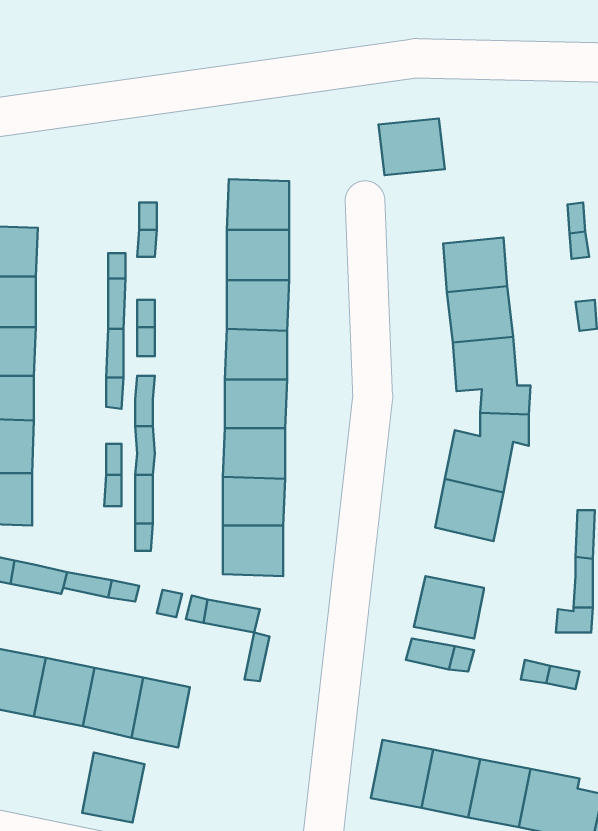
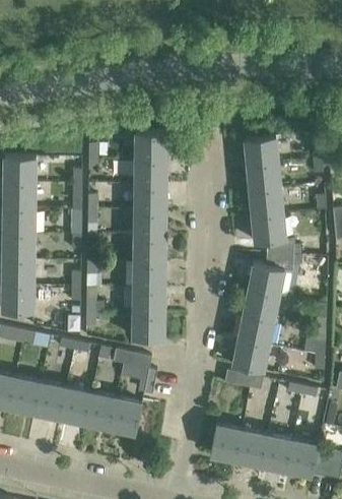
building: [379,119,445,175] -> [244,136,278,166]
building: none -> [237,314,273,346]
building: [82,752,144,822] -> [109,397,141,434]

